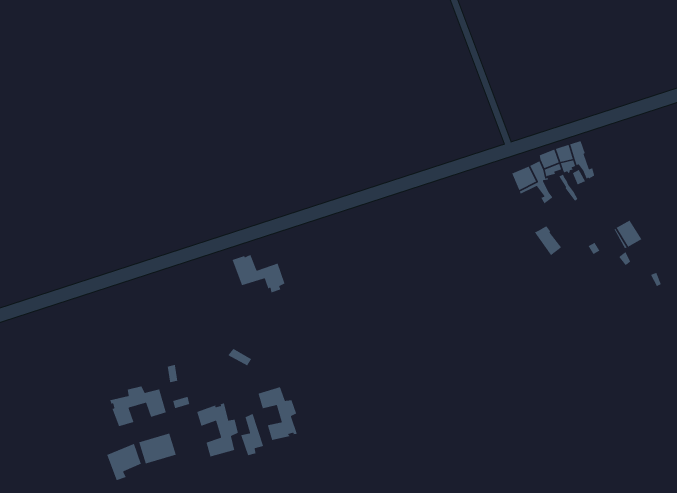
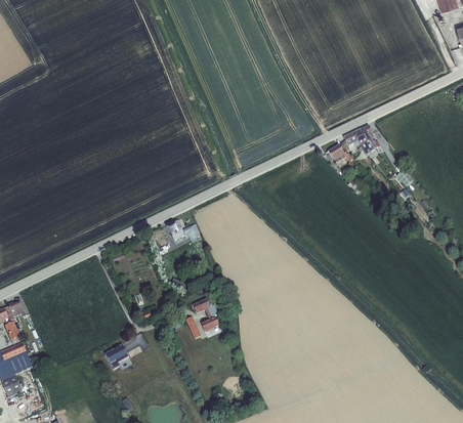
building: [109,385,167,427] -> none
building: [196,402,239,458] -> none

